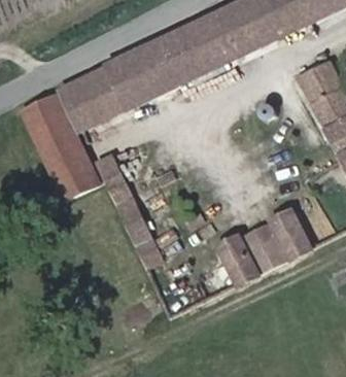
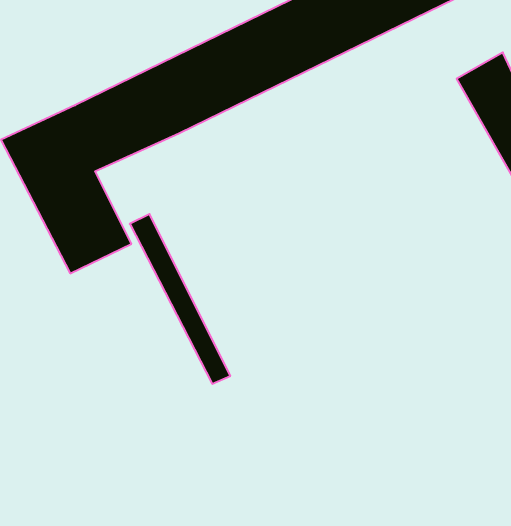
building: [227,197,321,273] -> none

